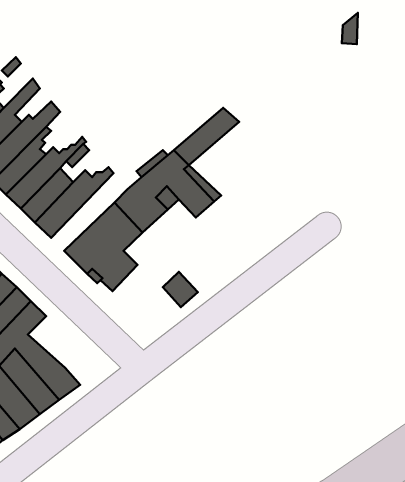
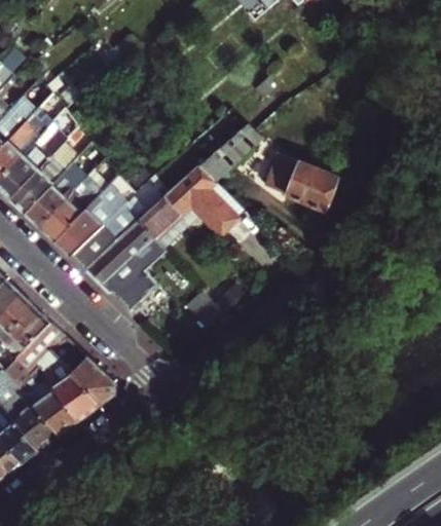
building: none -> [267,154,338,211]
building: none -> [70,190,148,269]
building: none -> [46,336,115,406]

